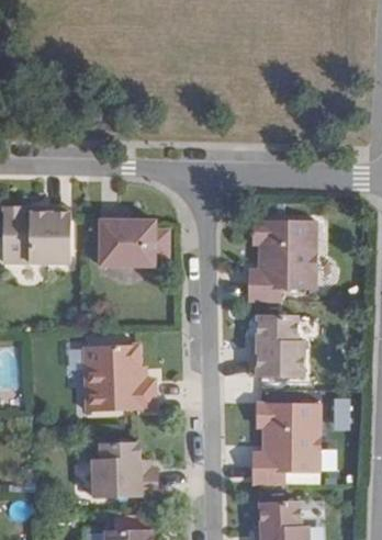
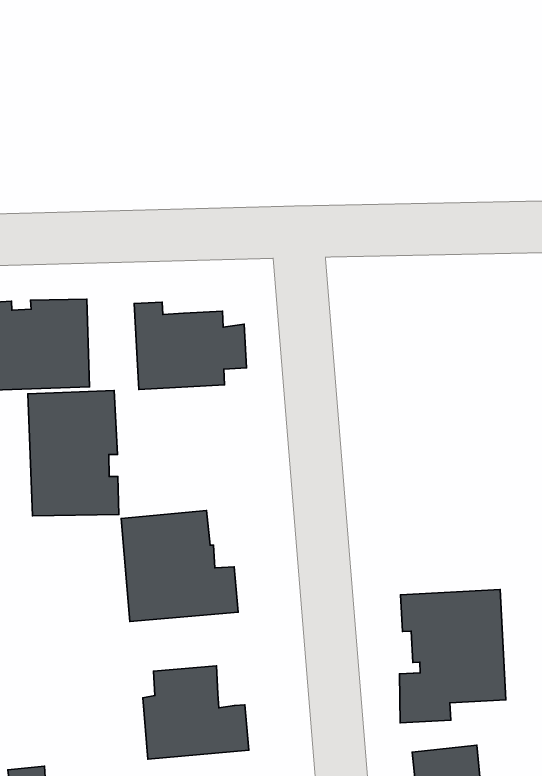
building: [248,221,316,301] -> none
building: none -> [28,390,119,516]
building: [250,315,304,378] -> none

